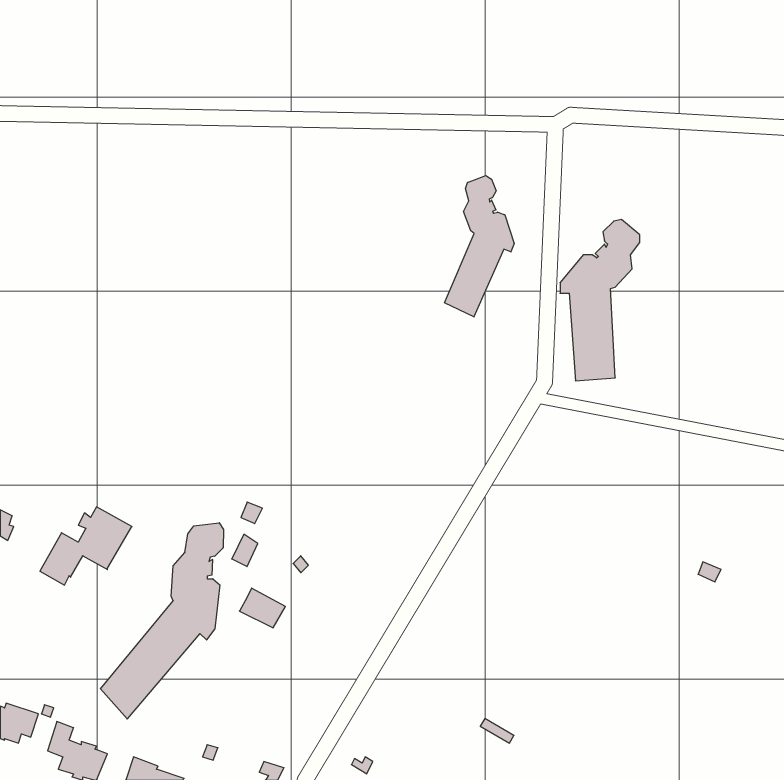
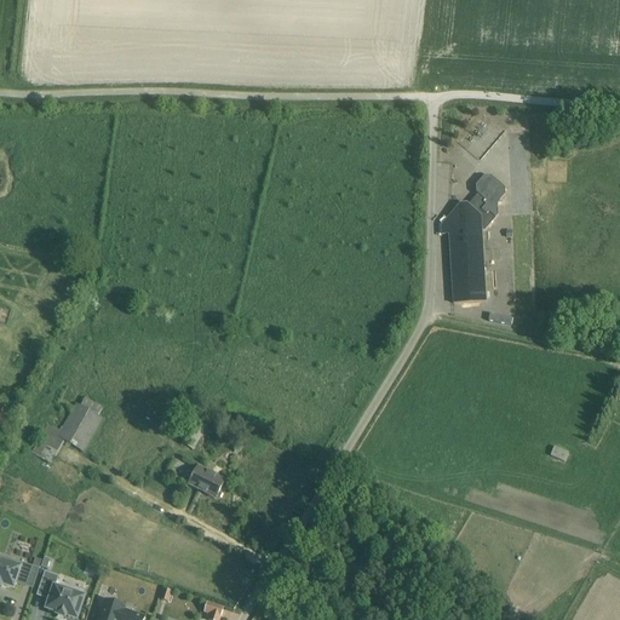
building: [445,176,514,317] -> none
building: [100,523,224,719] -> none

